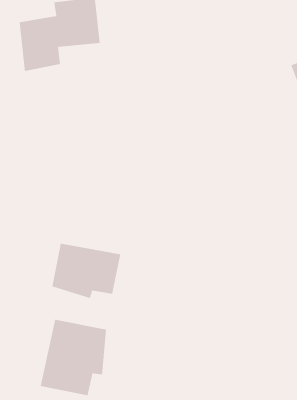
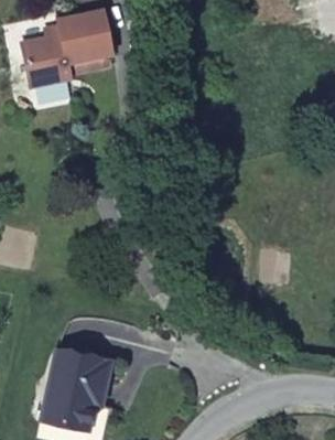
building: [52,243,121,299] -> none

